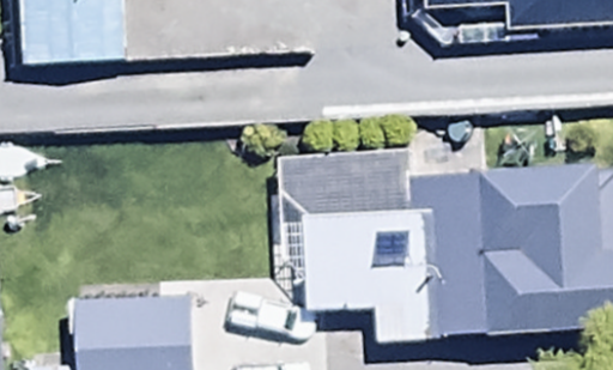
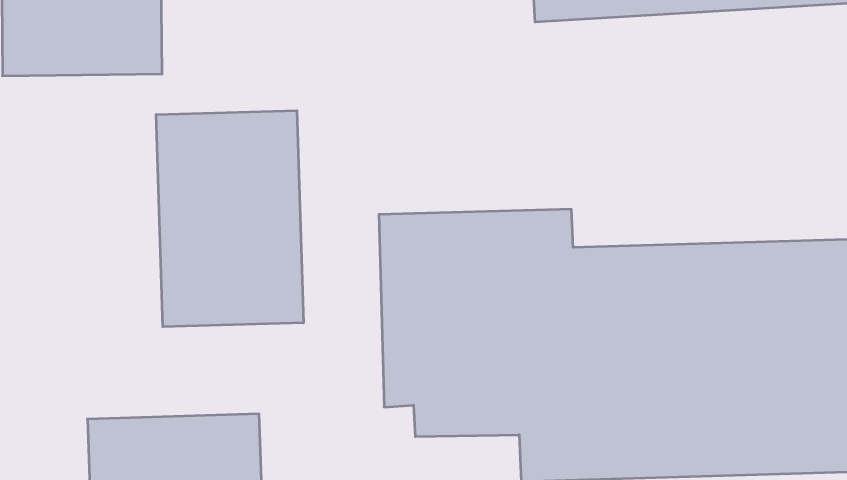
building: none -> [156,111,303,327]

